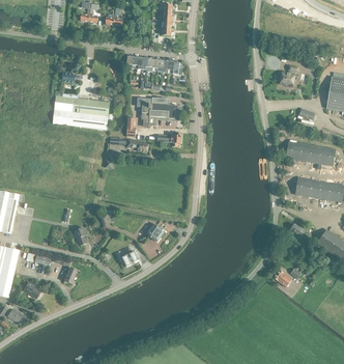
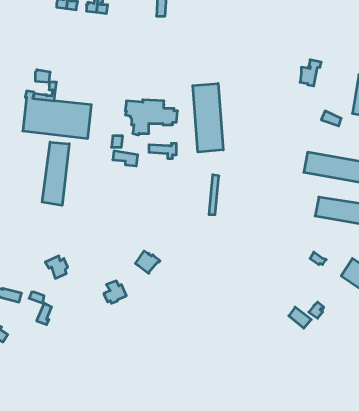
building: none -> [193,83,223,152]
building: none -> [42,142,69,205]

